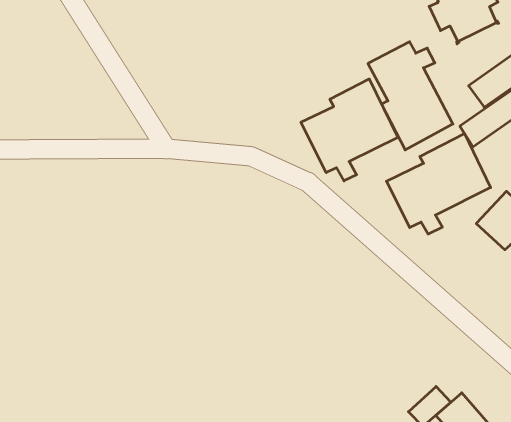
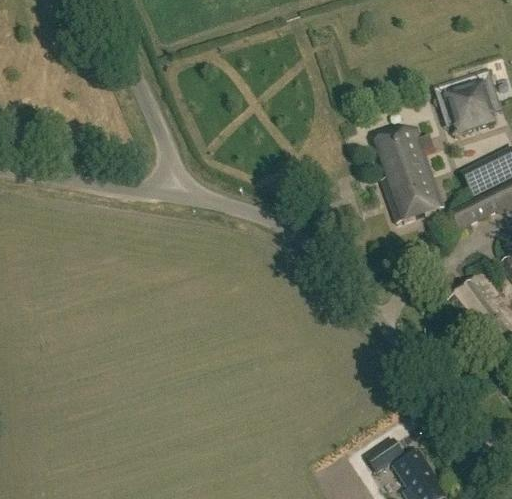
building: [301,79,398,181] -> none
building: [386,134,491,234] -> none

